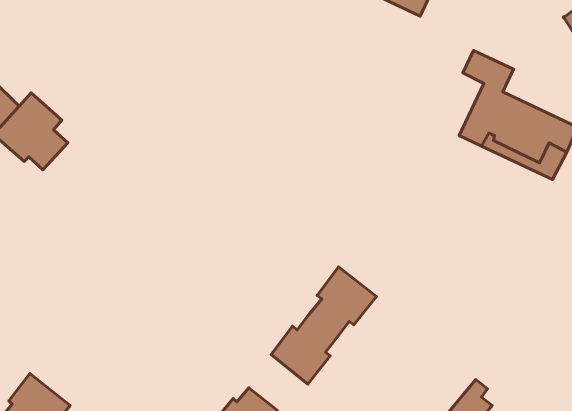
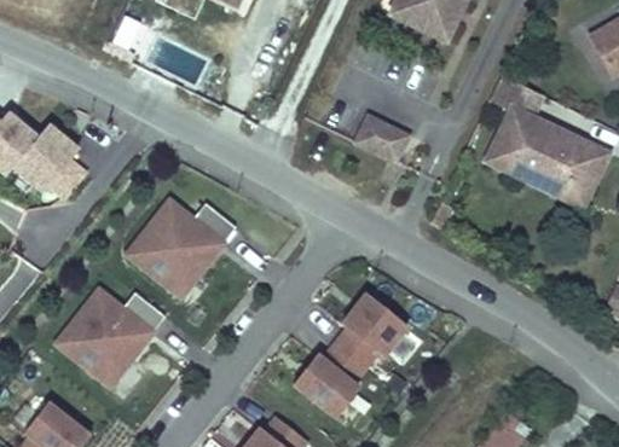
building: none -> [355,112,409,157]
building: none -> [128,198,235,292]
building: none -> [56,288,162,382]

